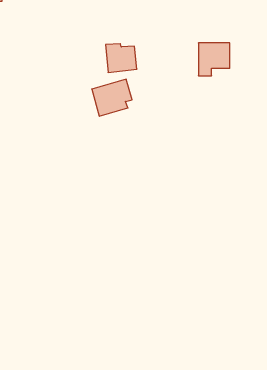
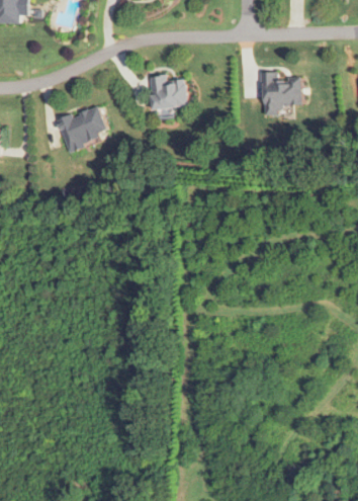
building: [92,79,132,116] -> [57,105,106,151]

